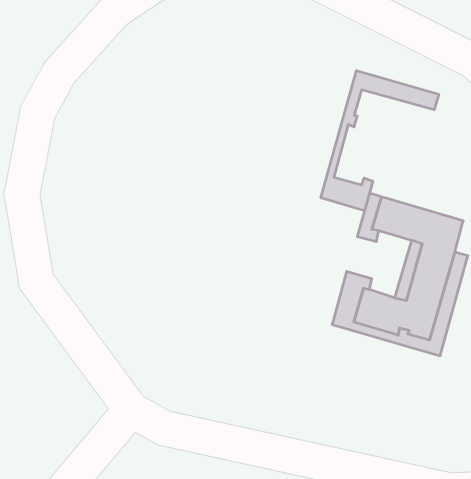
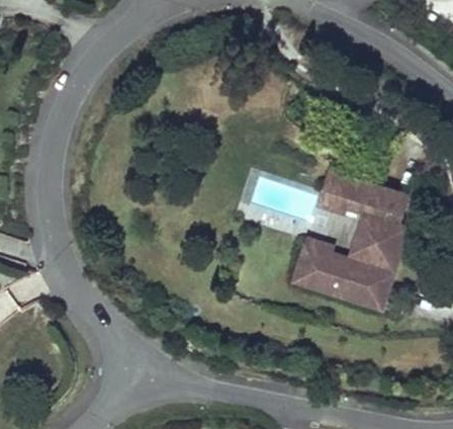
building: [321,71,439,211] -> none

